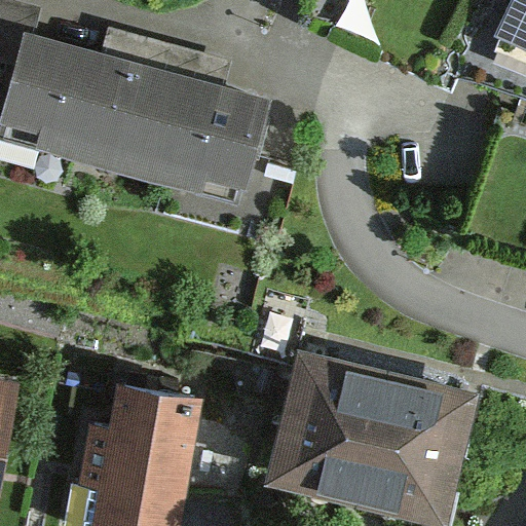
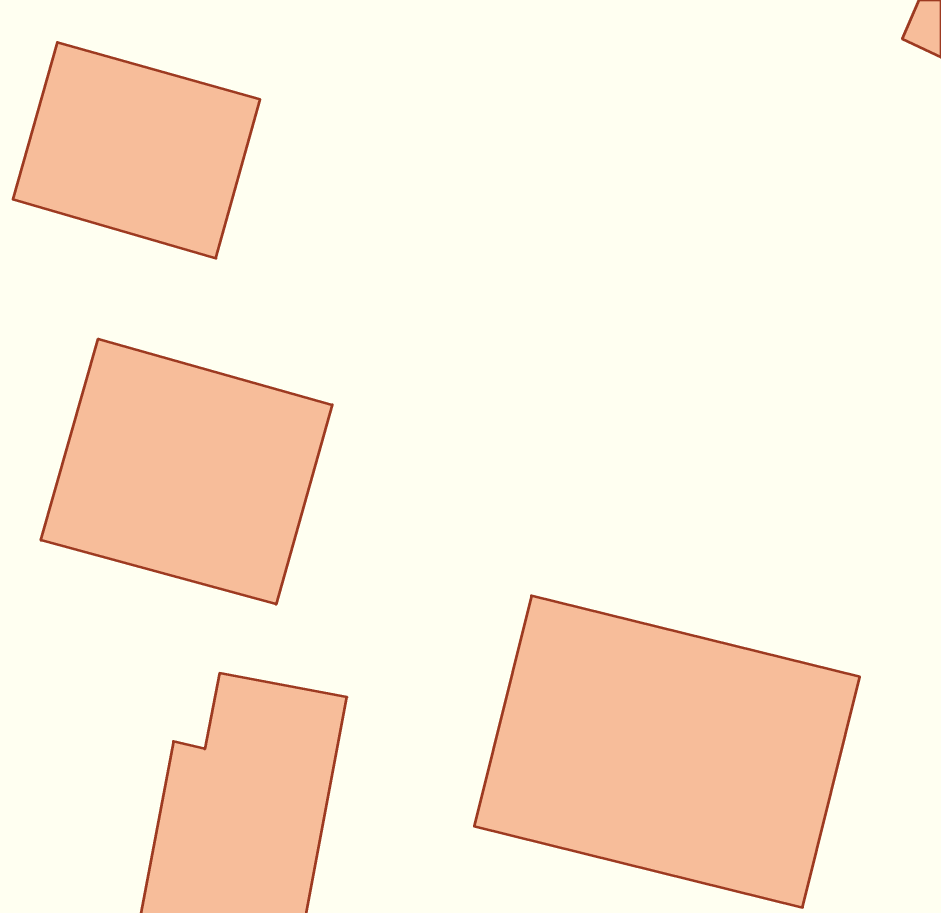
building: [120,72,258,192] -> none
building: none -> [41,339,332,604]

